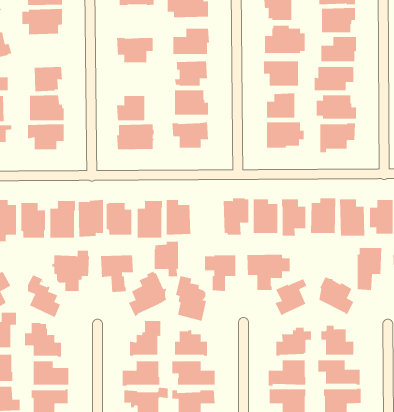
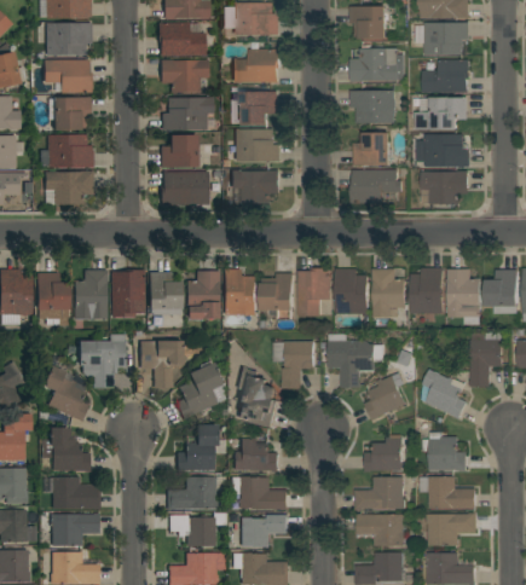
building: none -> [157,23,206,57]
building: none -> [44,59,91,93]
building: none -> [161,98,214,131]
building: [154,241,179,277] -> [261,273,294,319]

